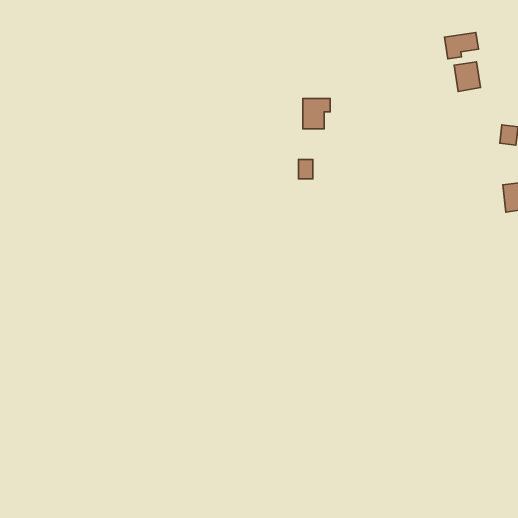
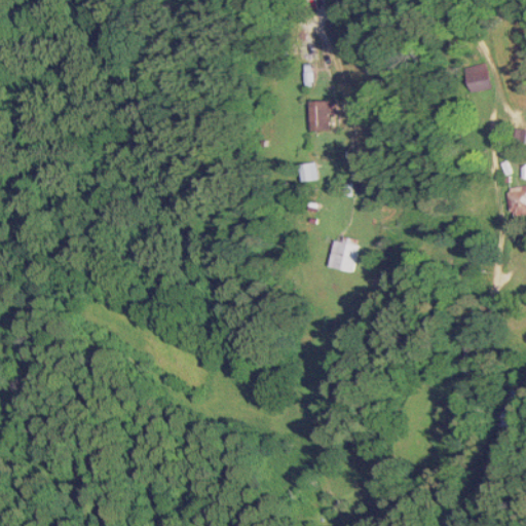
building: [445,32,478,59] -> none
building: none -> [330,237,359,272]

